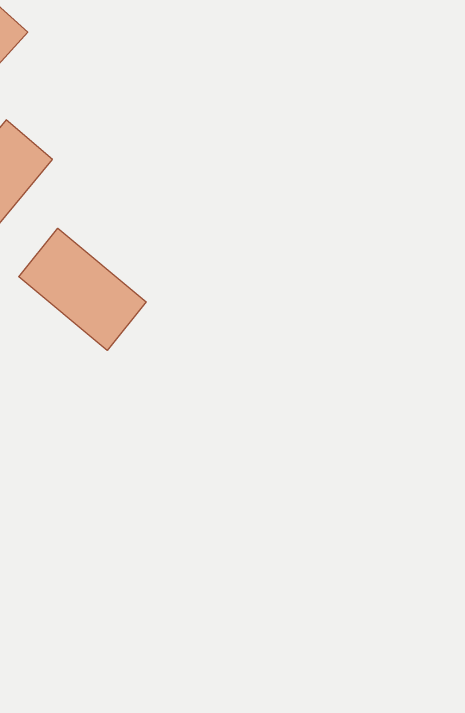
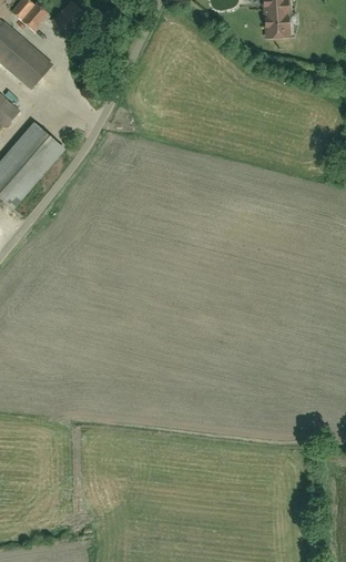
building: [19,228,146,350] -> none

